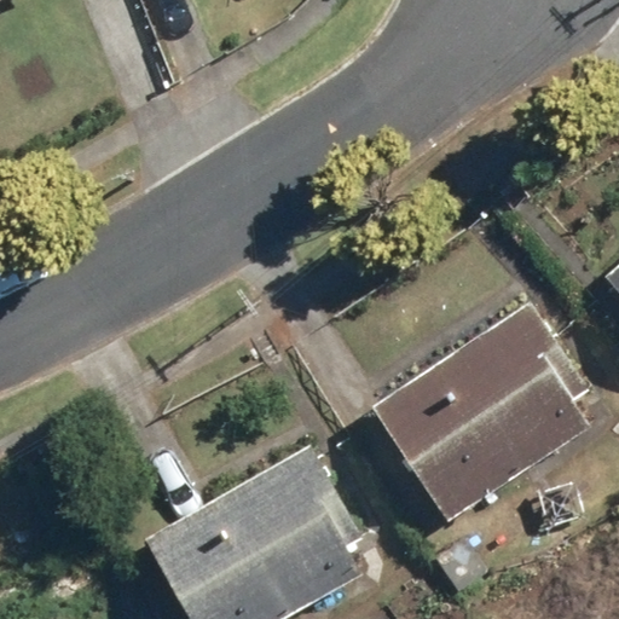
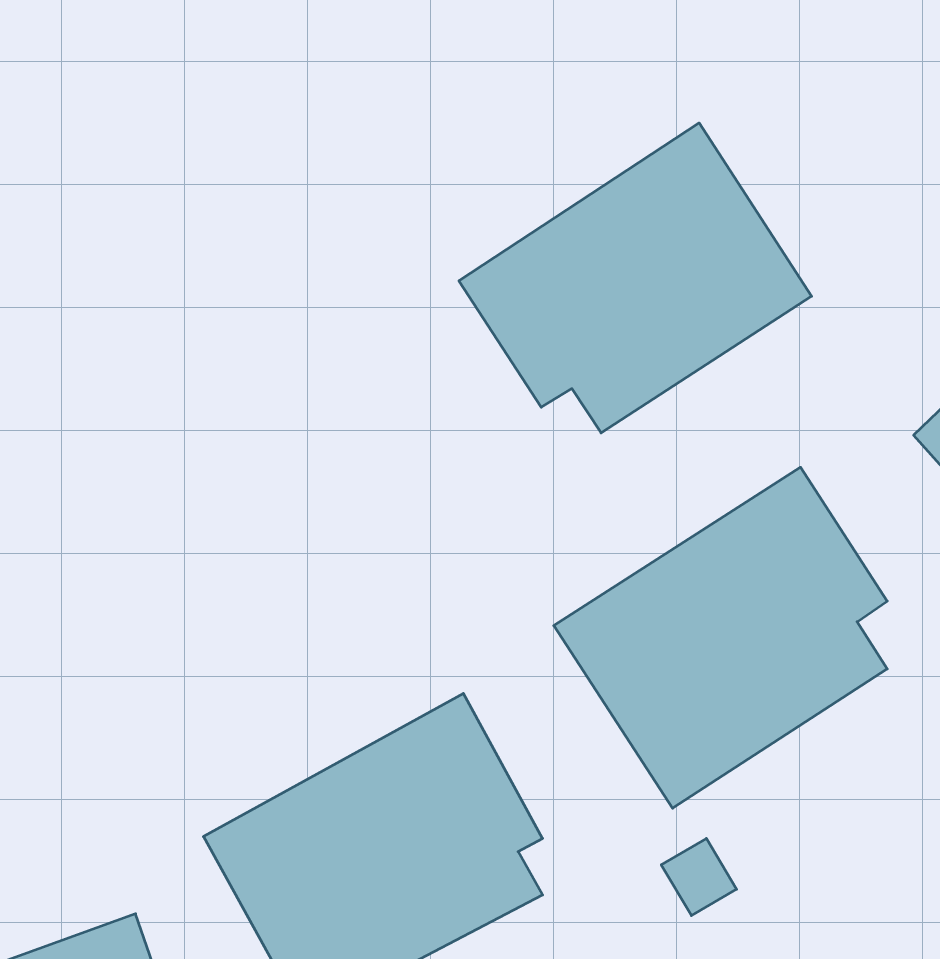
building: none -> [459,123,812,433]

